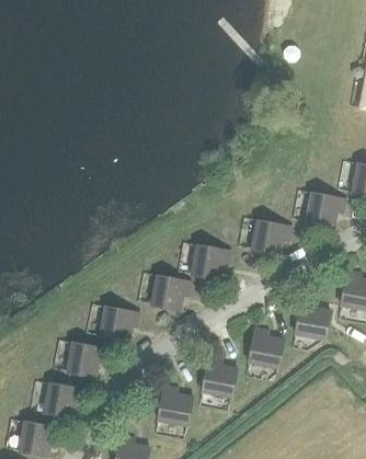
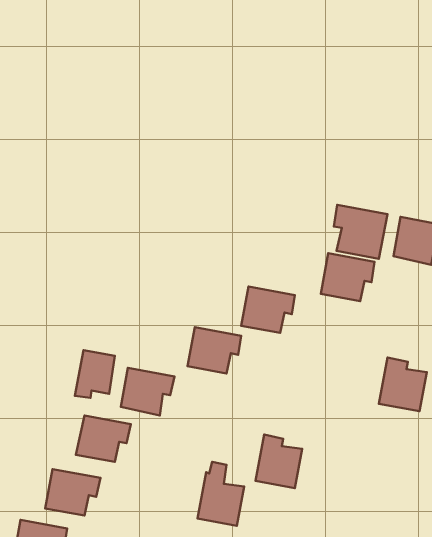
building: none -> [334,205,387,259]
building: none -> [75,350,115,398]
building: [248,326,283,368] -> none

